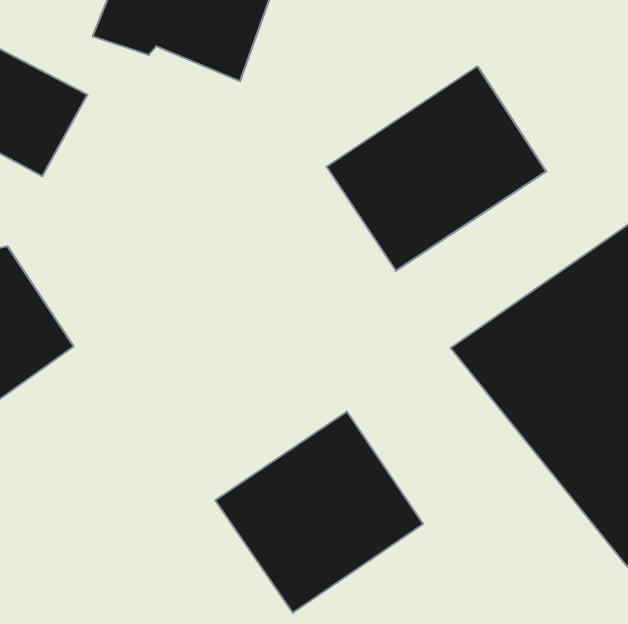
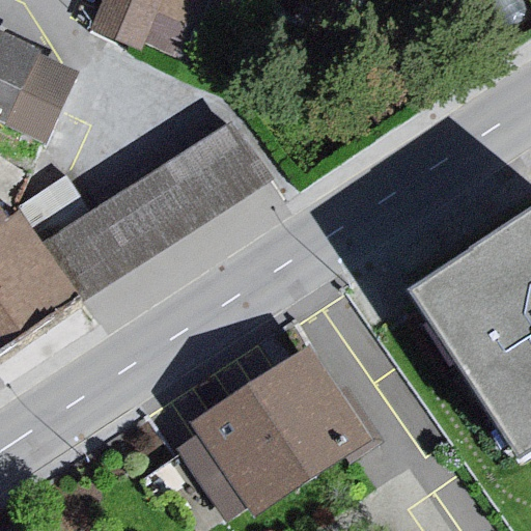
building: [326,66,546,271] -> none
building: none -> [54,115,288,311]

